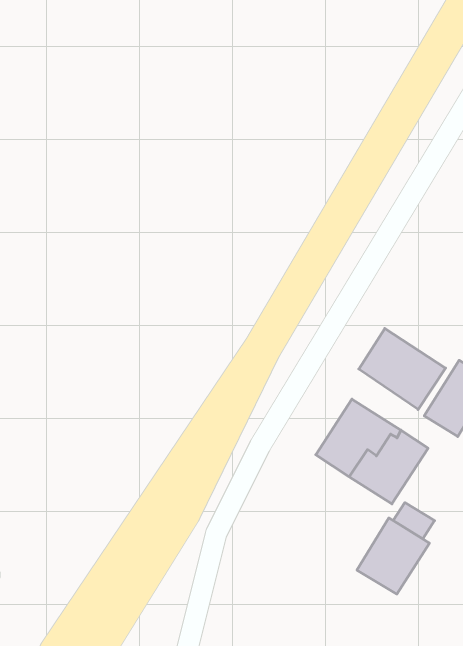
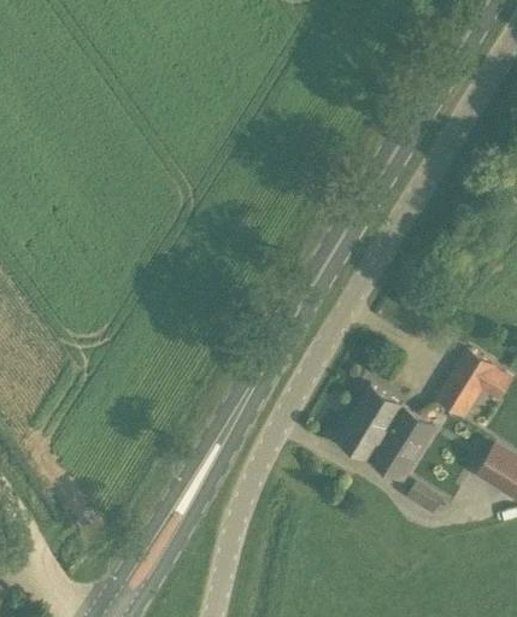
building: [359,328,446,410] -> none
building: [357,518,429,594] -> none

